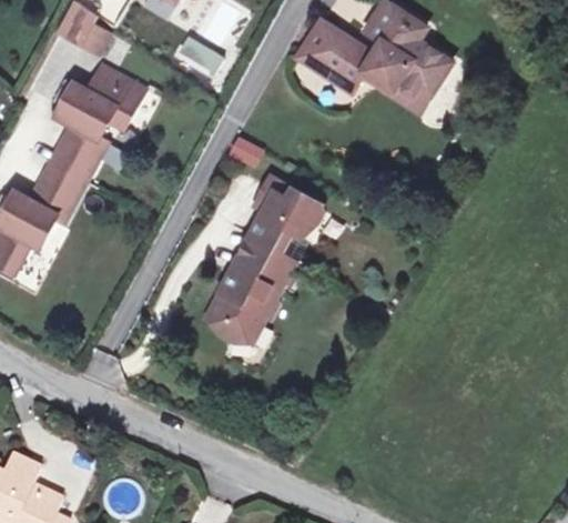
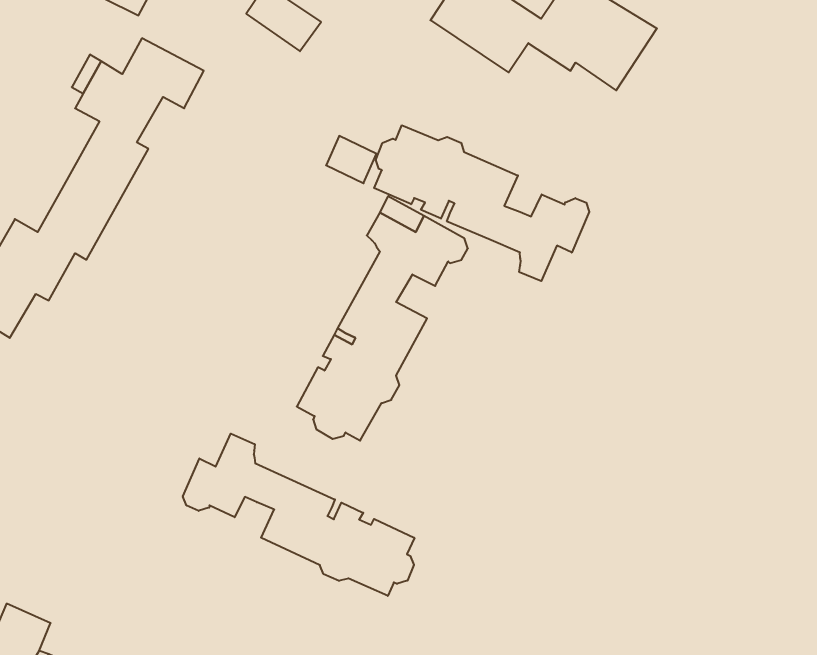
building: none -> [374,125,589,281]
building: none -> [183,434,414,596]

